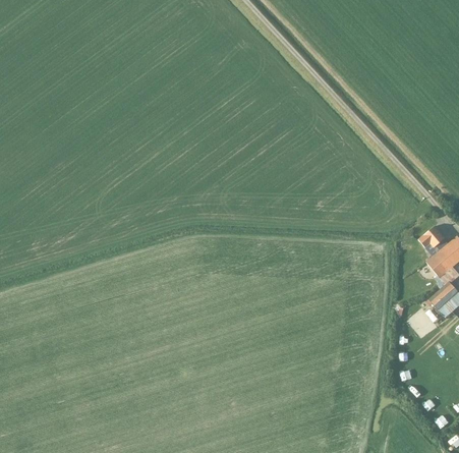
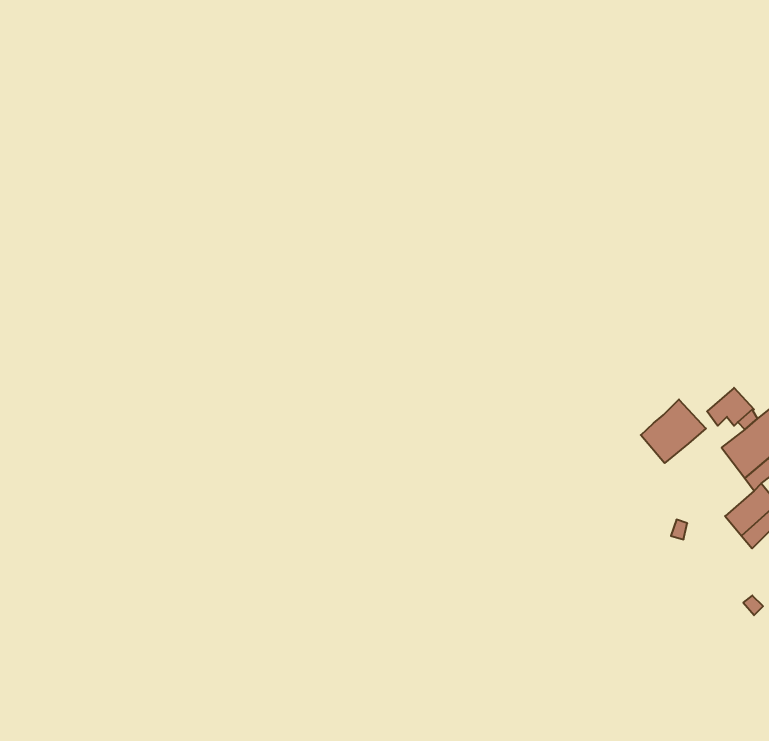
building: none -> [641,399,706,463]

